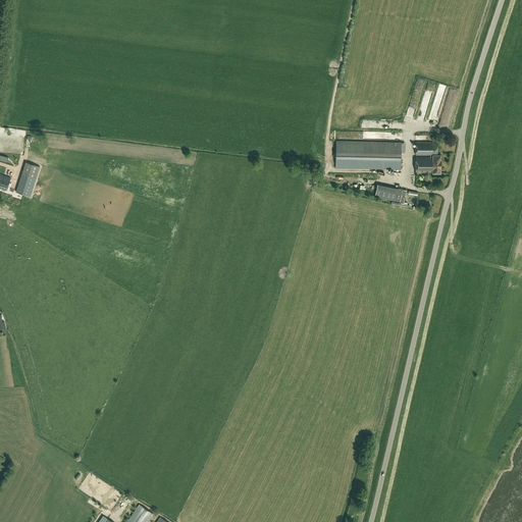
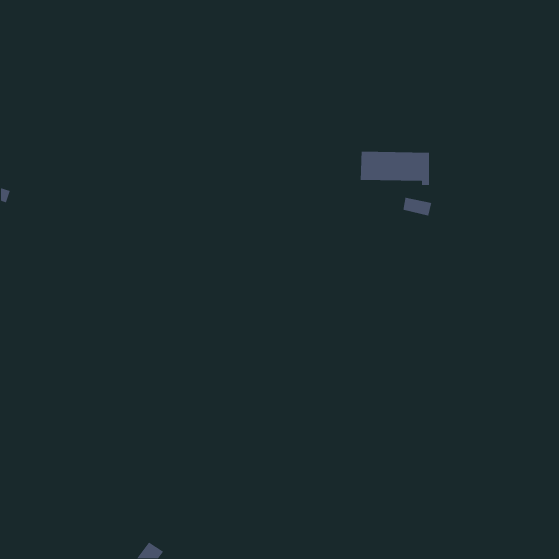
building: [416,142,440,173] -> none
building: [15,162,40,197] -> none

